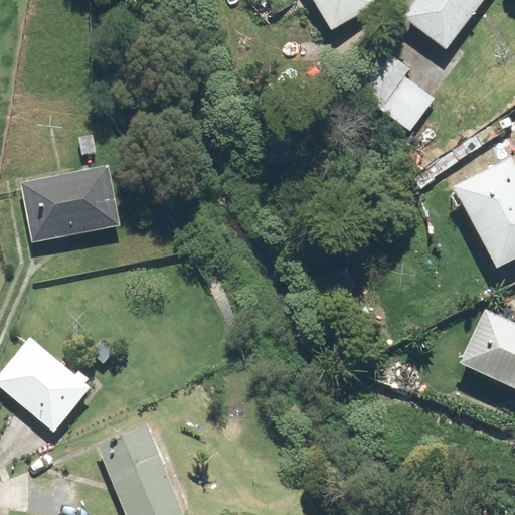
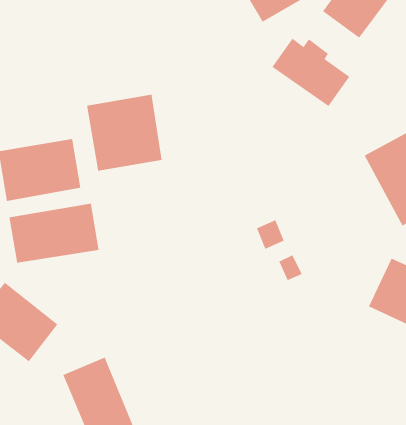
building: none -> [87,94,162,171]
building: none -> [9,203,99,264]

